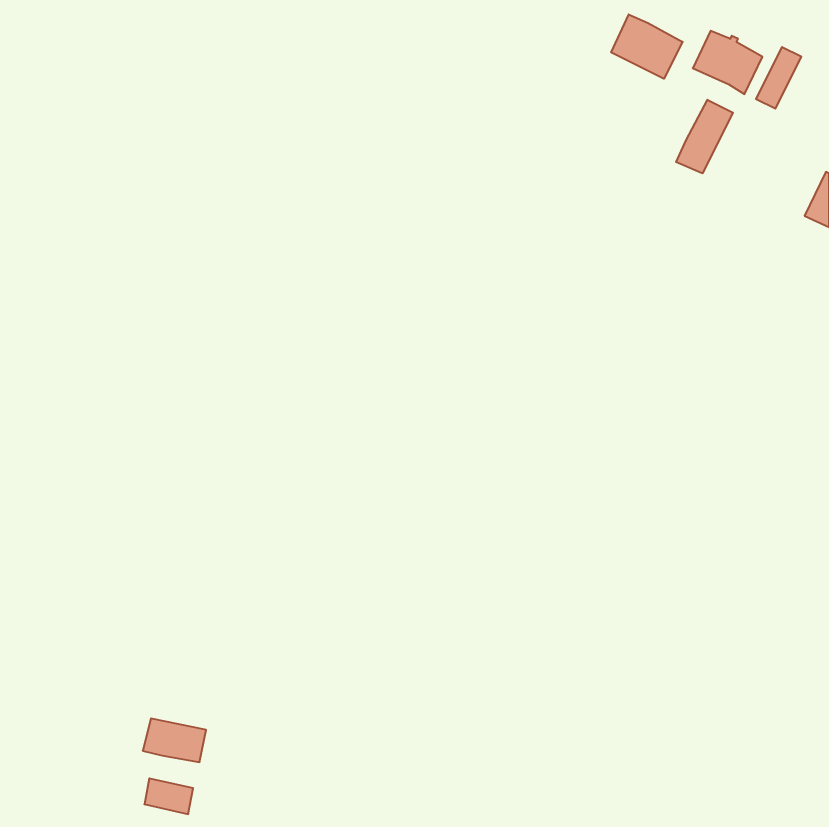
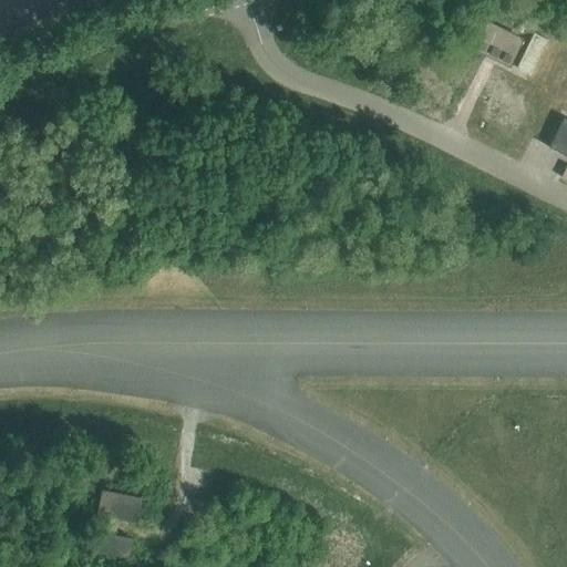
building: [611,14,683,79] -> none
building: [676,100,733,173] -> none

